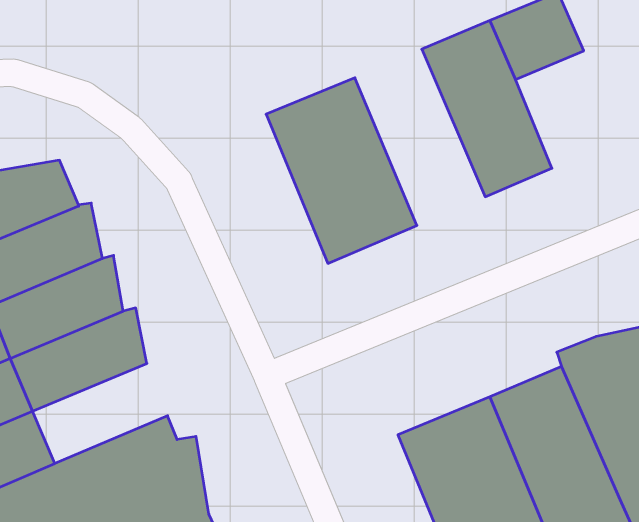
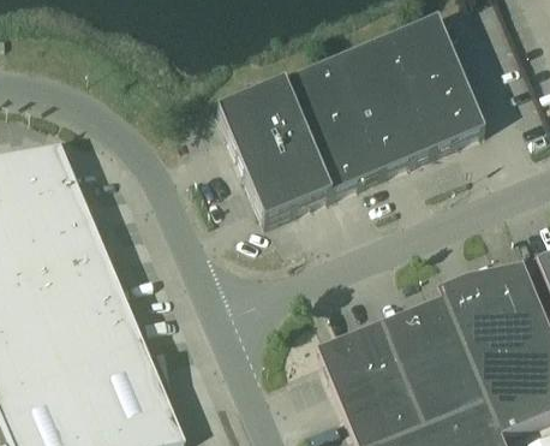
building: none -> [283,59,382,192]
building: none -> [405,60,484,149]
building: none -> [40,295,143,373]

